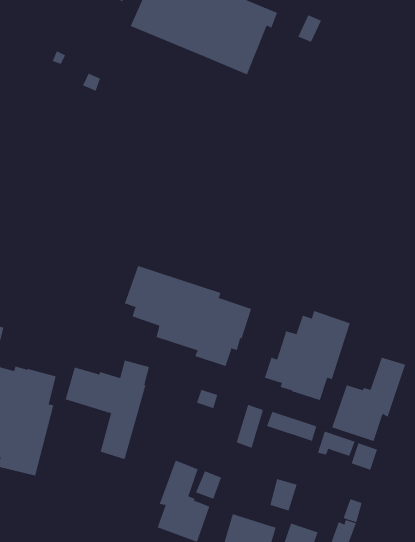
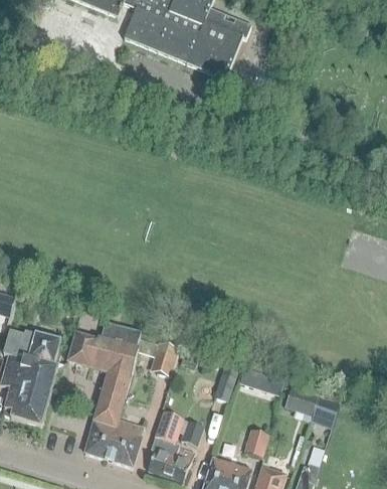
building: [124,265,252,367] -> none
building: [264,310,351,401] -> none
building: [332,357,406,442] -> none
building: none -> [150,343,178,376]
building: none -> [84,404,144,466]

